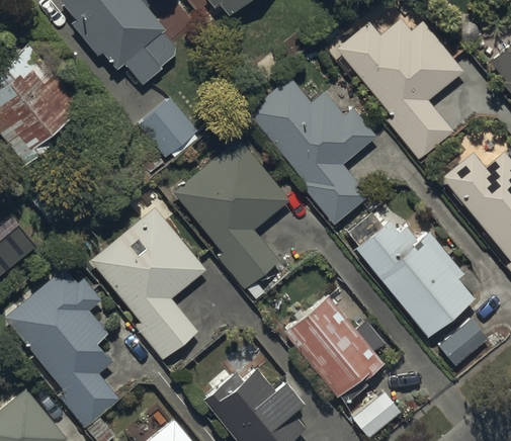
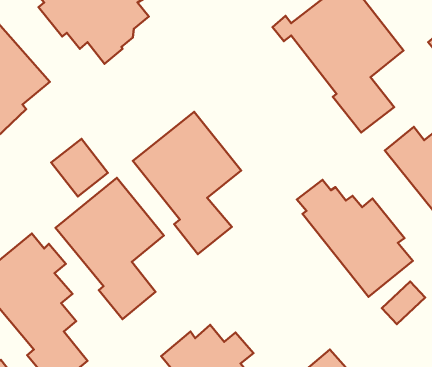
building: [247,77,376,226] -> none
building: [138,98,198,160] -> [51,139,108,197]
building: [283,293,384,404] -> none

